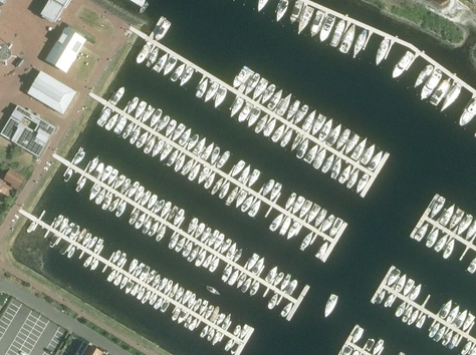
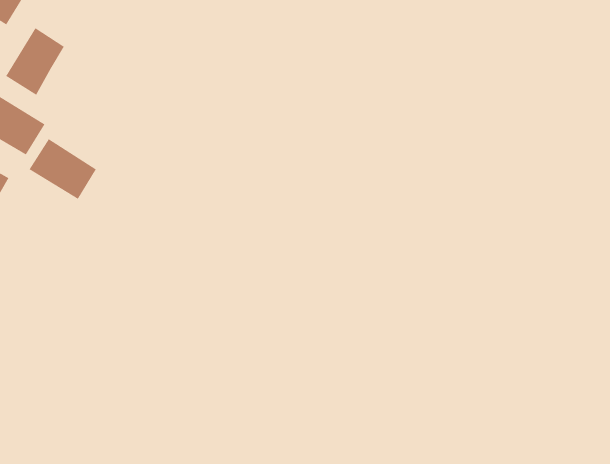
building: none -> [28,138,97,200]

